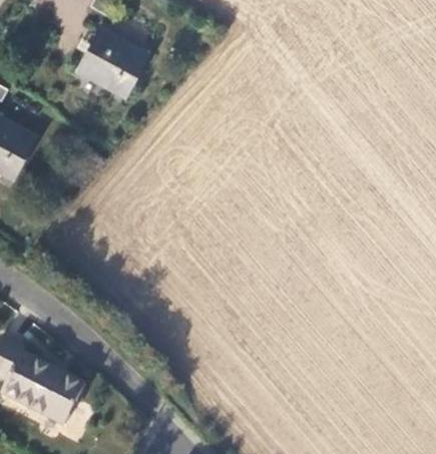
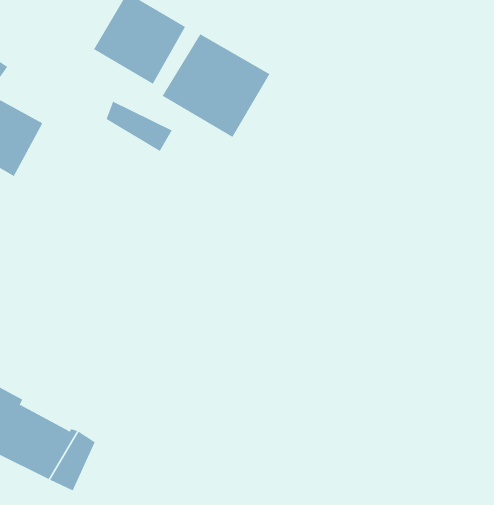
building: none -> [162,33,270,138]
building: none -> [106,101,173,152]

